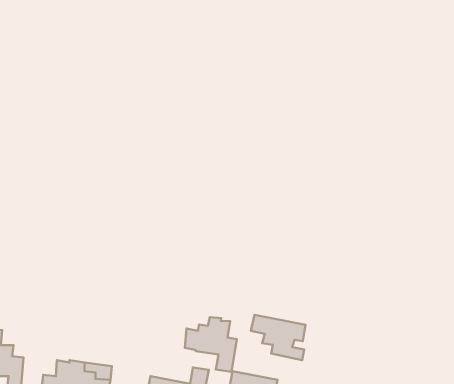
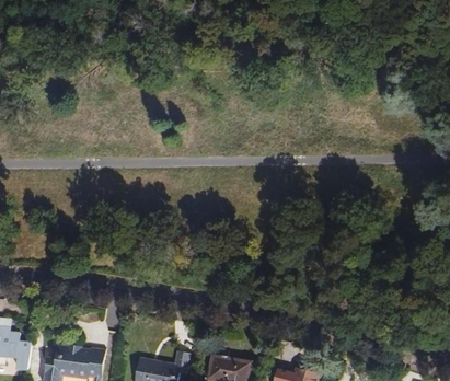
building: [251,315,306,360] -> none
building: [185,317,237,372] -> none

